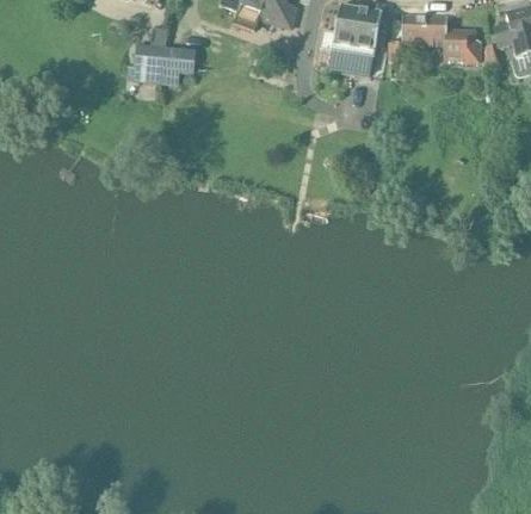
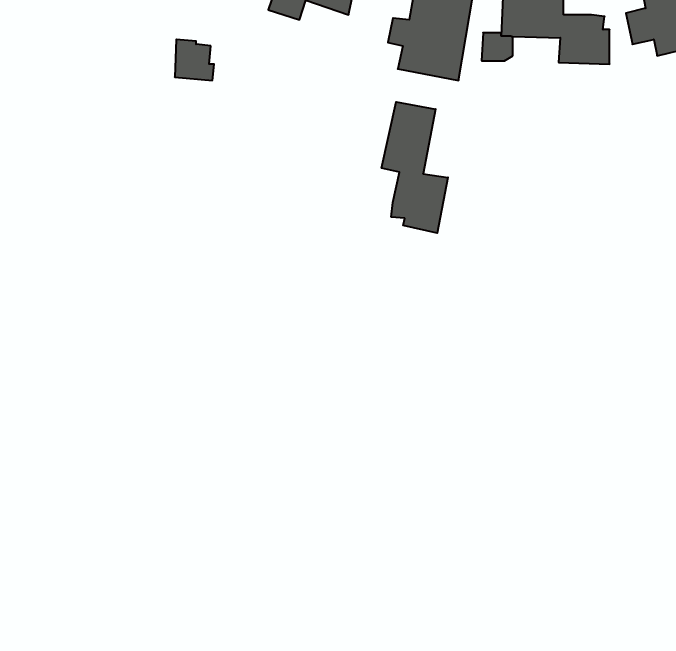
building: [128,27,169,85] -> none
building: none -> [382,102,448,233]

